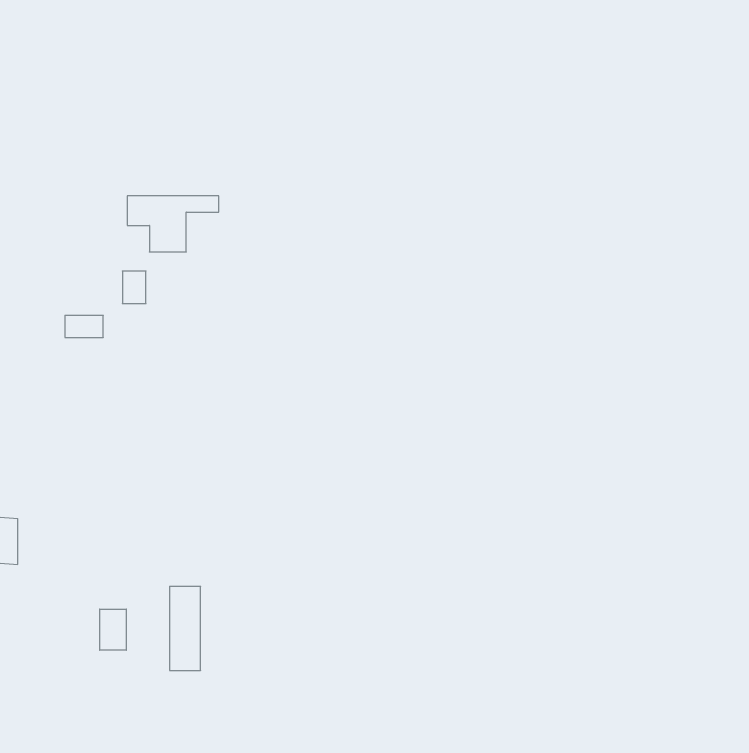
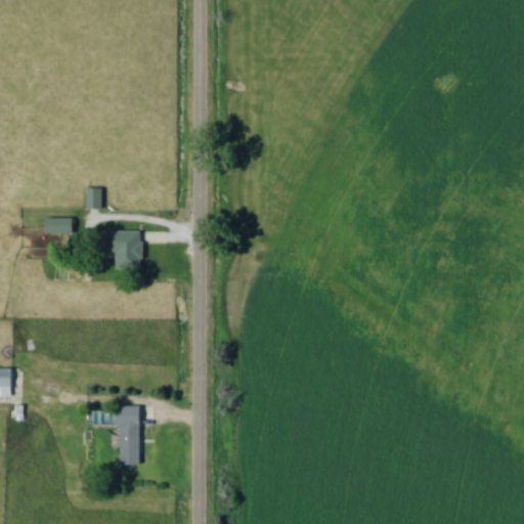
building: [127,196,219,252] -> [99,232,163,271]
building: [100,609,126,650] -> none

